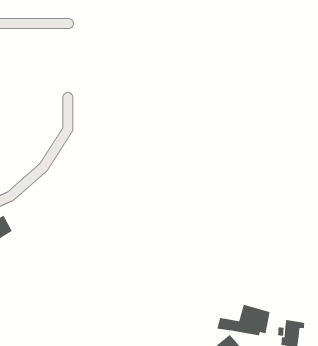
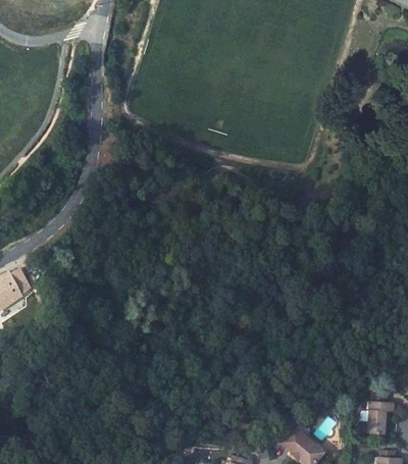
building: [216,304,270,336] -> none

